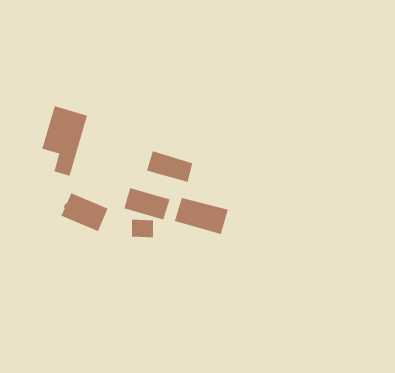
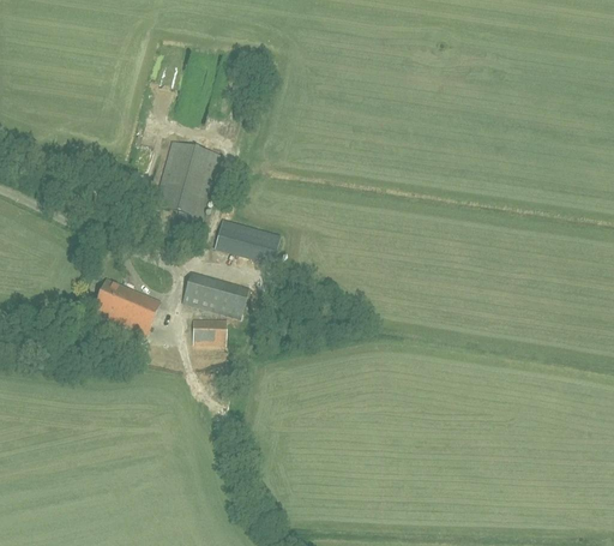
building: [42,105,88,177] -> [154,140,219,242]
building: [174,197,228,235] -> none

